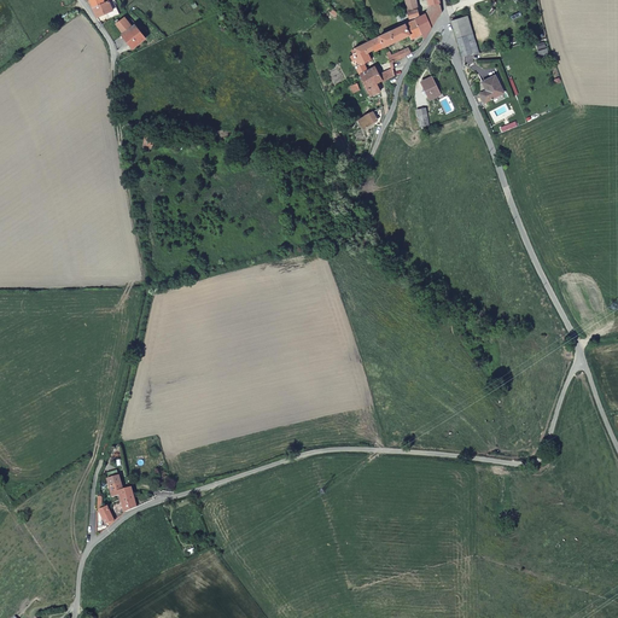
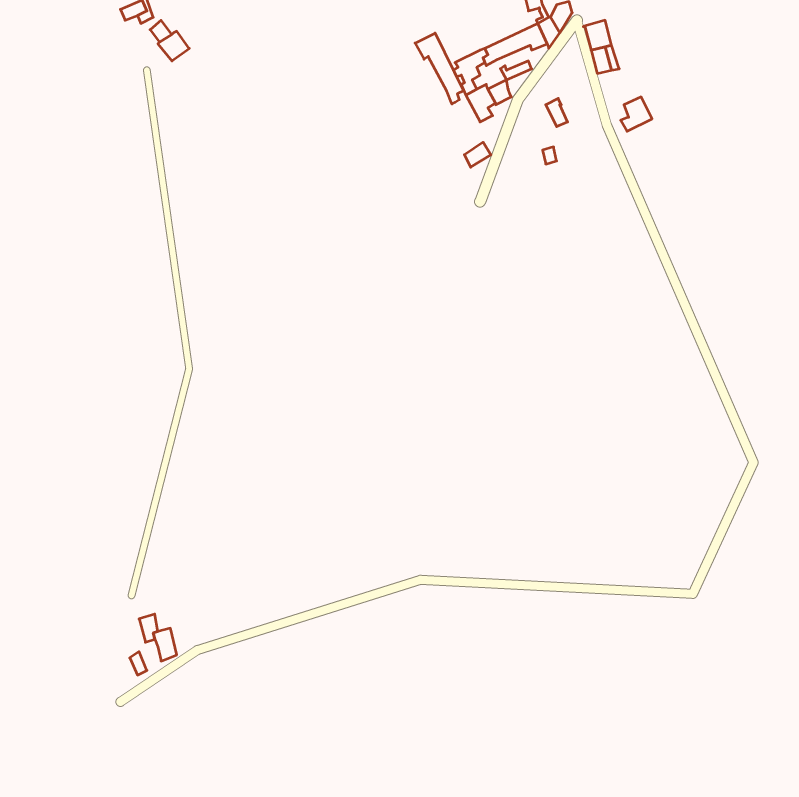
building: none -> [415,33,464,104]

